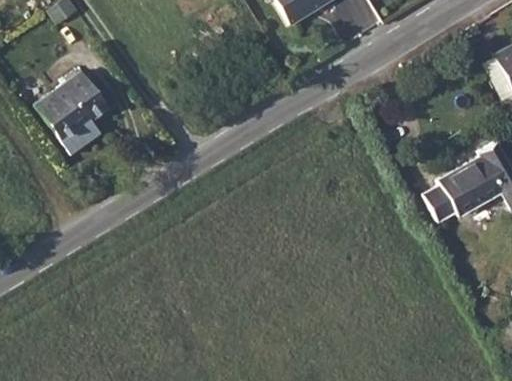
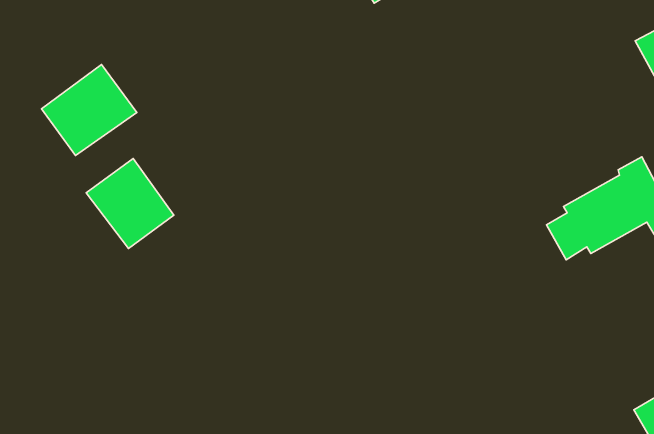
building: none -> [86,159,174,249]

